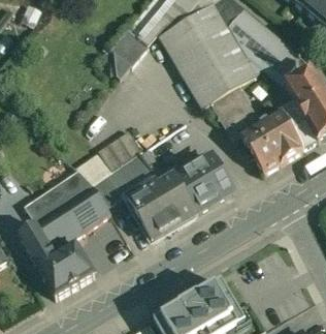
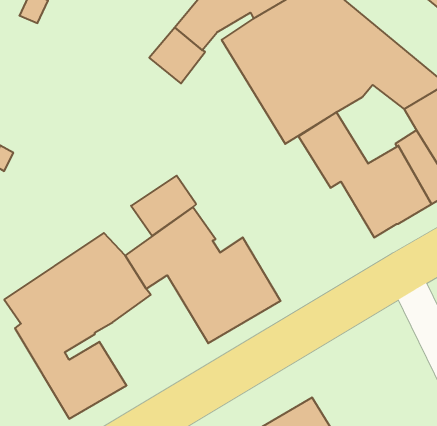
building: [173,150,236,215] -> none

